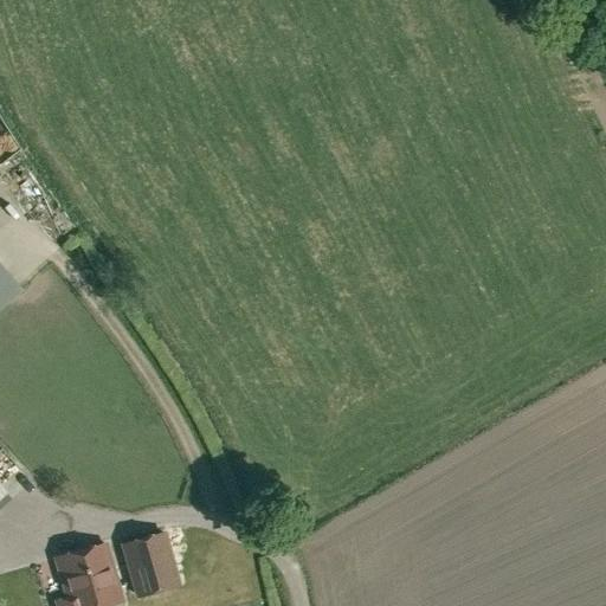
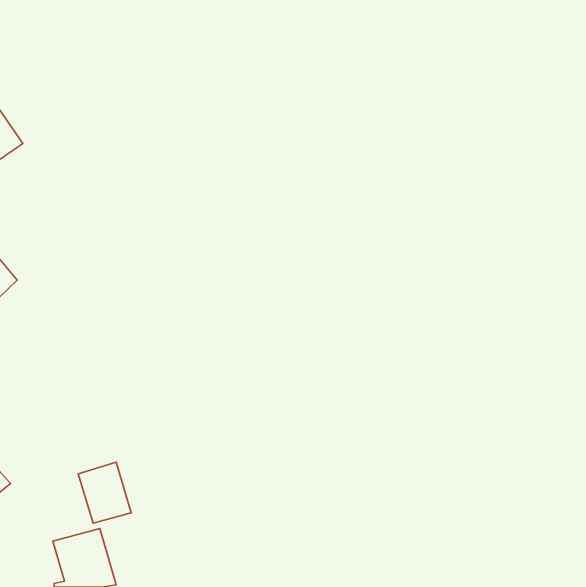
building: [122,534,176,597] -> [78,462,131,523]

